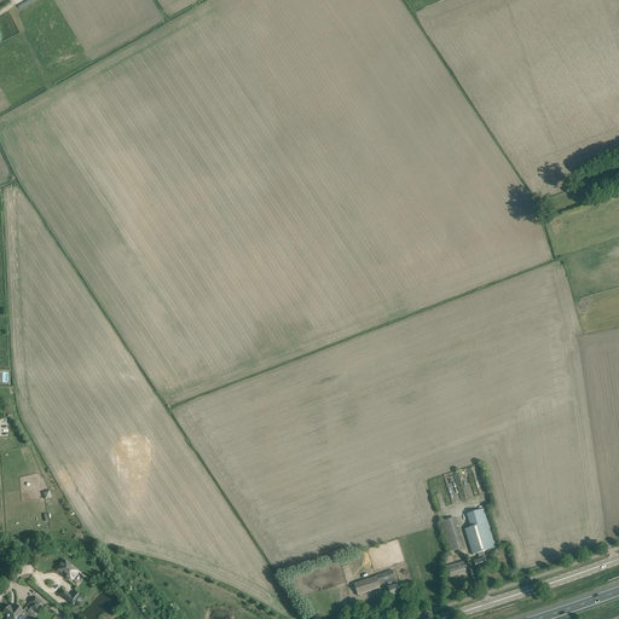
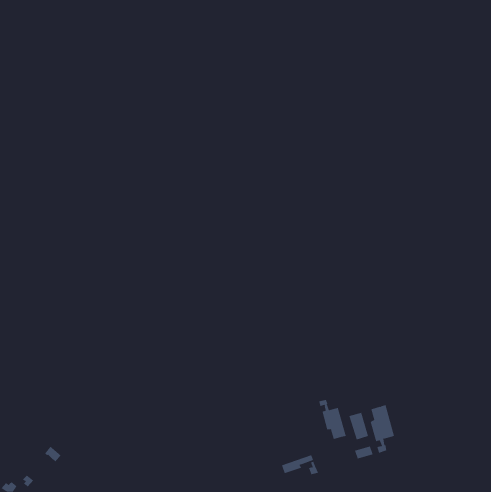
building: none -> [319,399,347,440]

